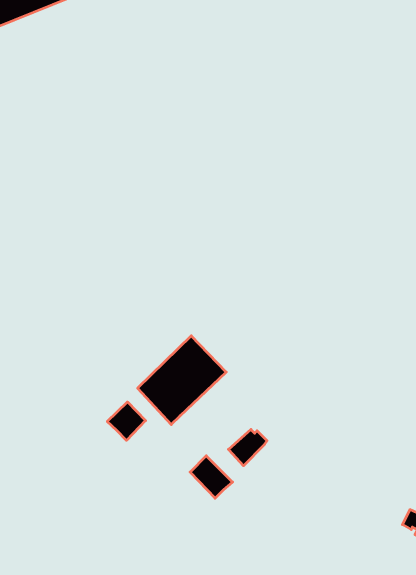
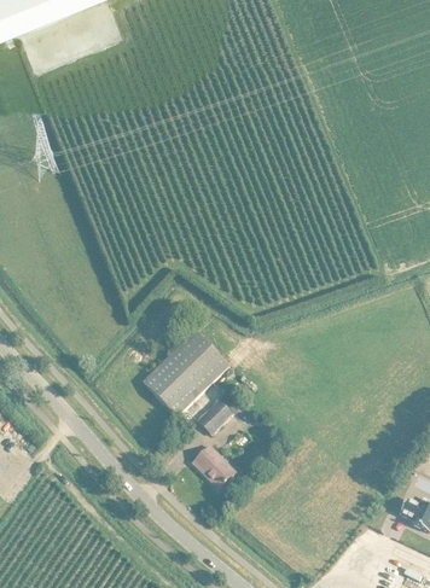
building: [107,402,146,440] -> none
building: [228,429,267,466] -> [197,400,234,435]

